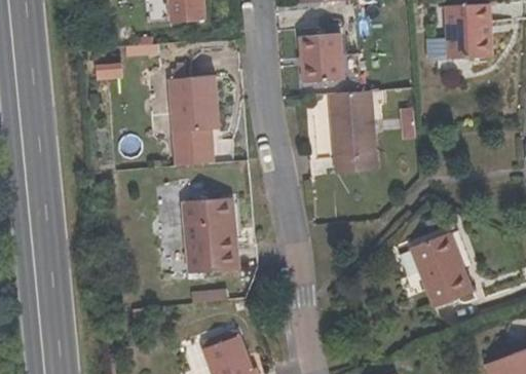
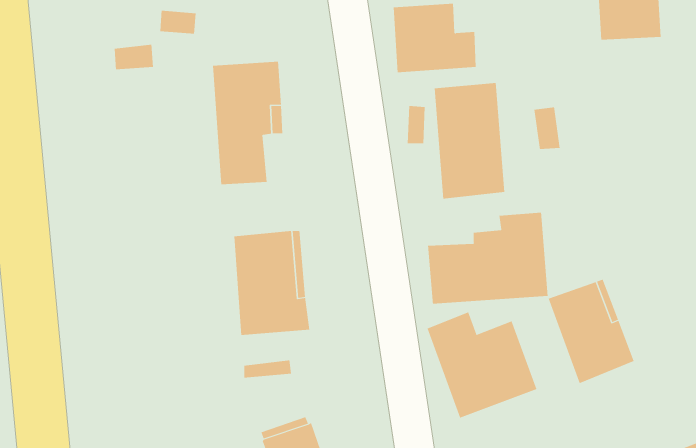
building: none -> [428,212,548,305]
building: none -> [427,312,537,418]

